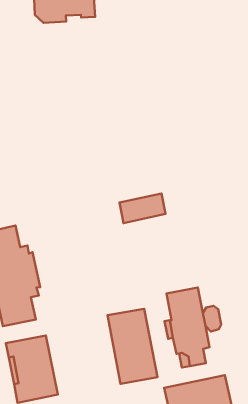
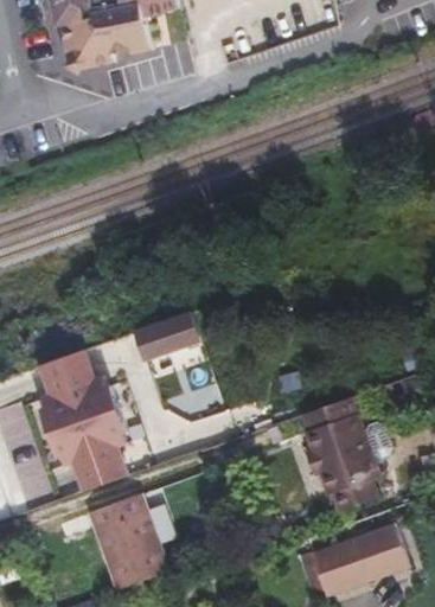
building: [119,193,166,223] -> [132,313,197,360]
building: [108,309,157,384] -> none

